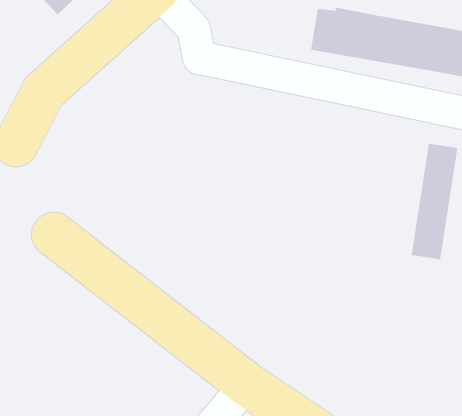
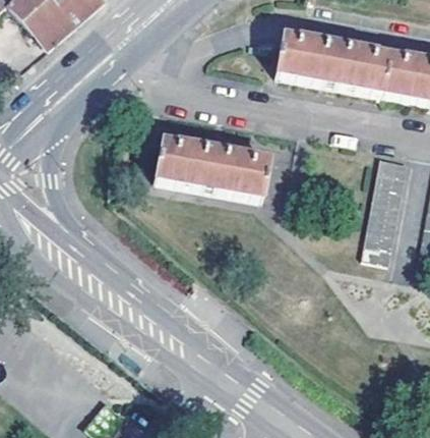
building: none -> [158,140,272,196]

